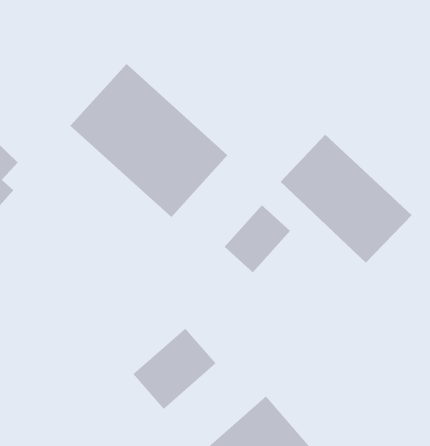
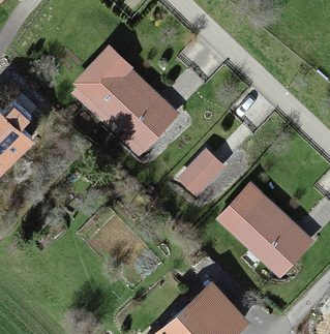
building: [280,134,412,263] -> [220,185,314,277]
building: [132,328,216,410] -> none

